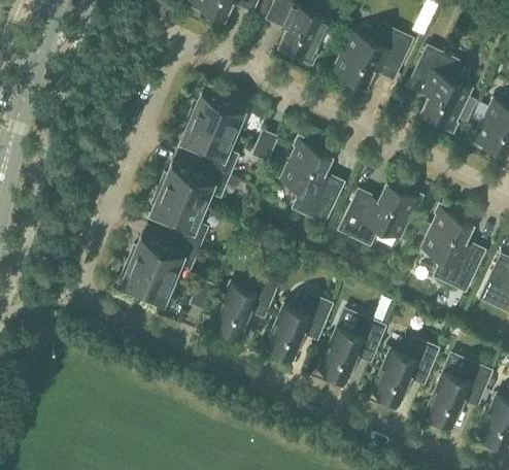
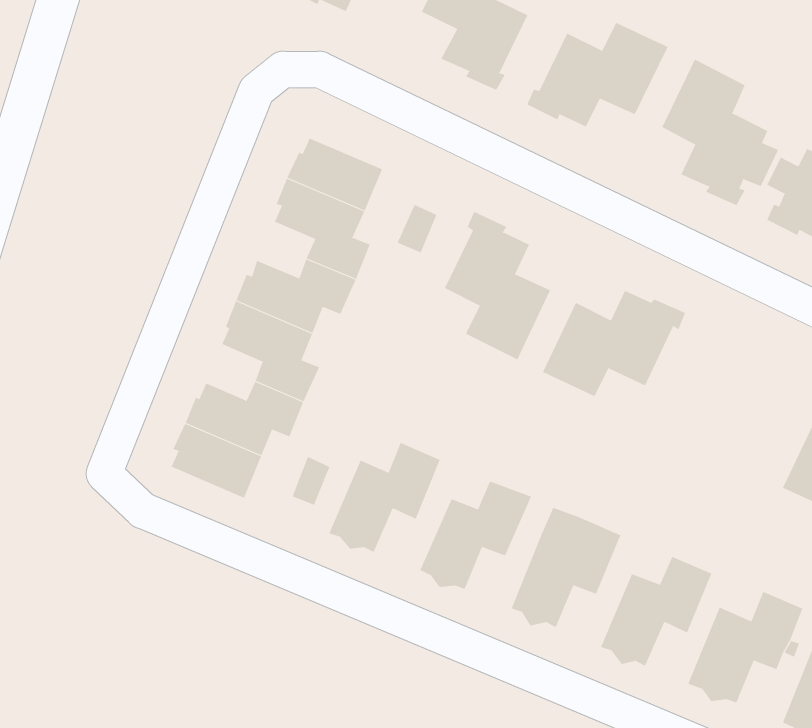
building: [416,204,484,292] -> none

